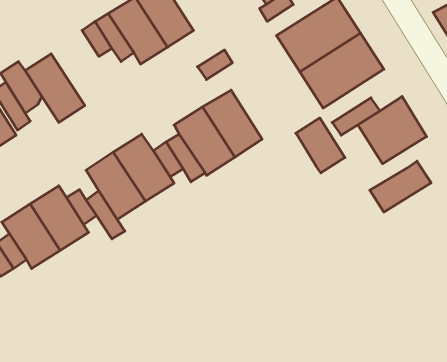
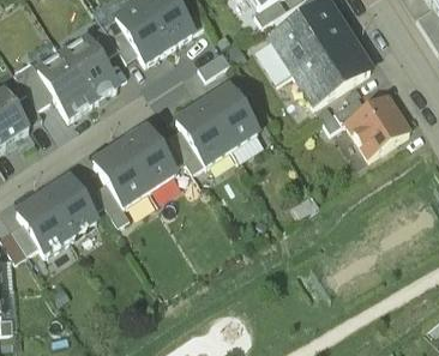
building: none -> [62,35,119,99]
building: [296,118,345,173] -> none
building: [370,161,431,212] -> none

